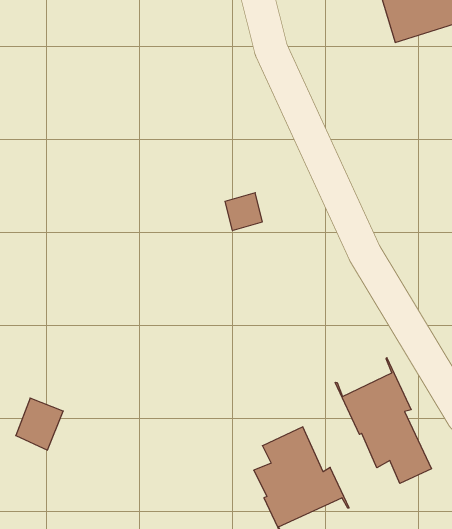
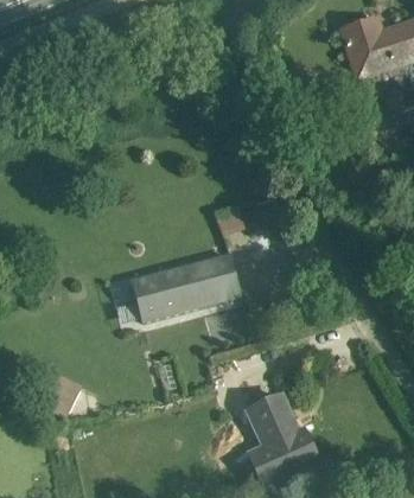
building: none -> [130,254,240,320]
building: [335,358,432,483] -> none

